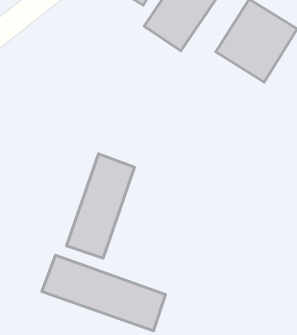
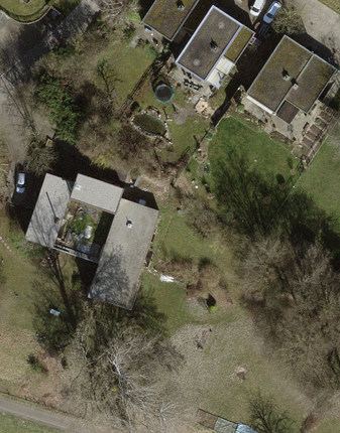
building: none -> [25,171,121,263]
building: [42,255,165,331] -> none

